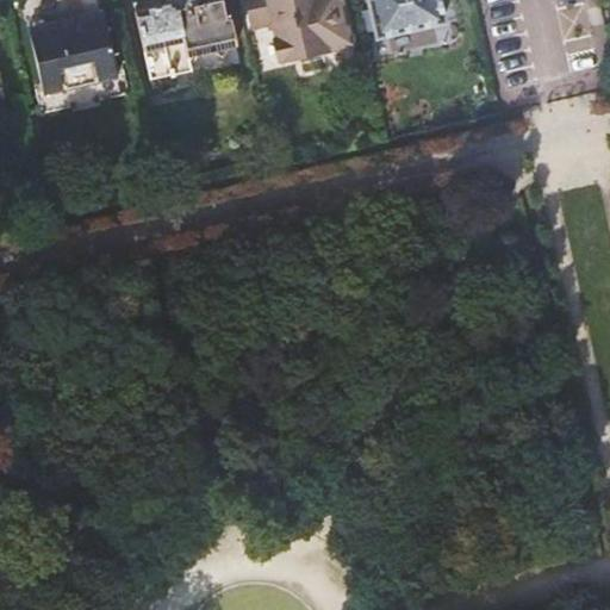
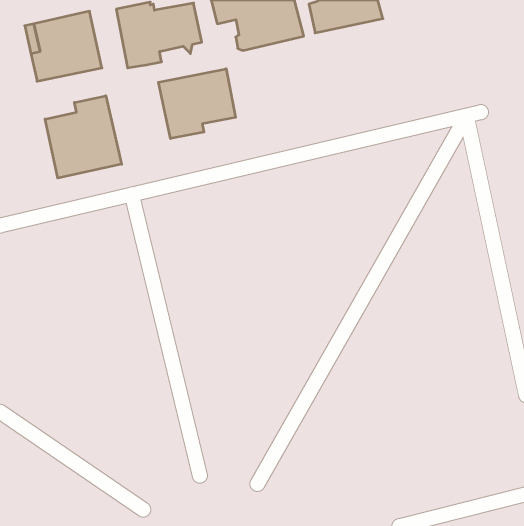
building: none -> [158,69,236,139]
building: none -> [45,96,122,178]

